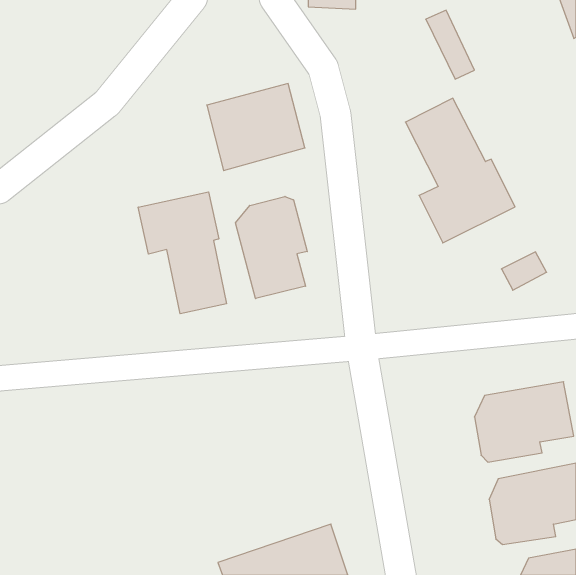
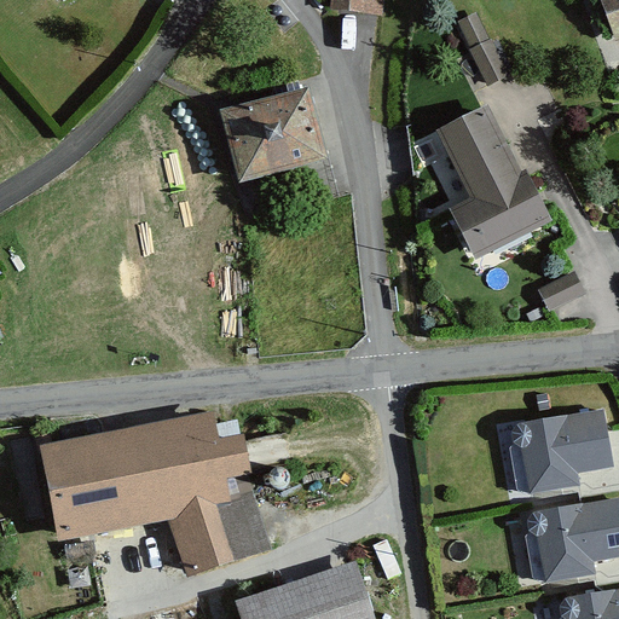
building: [138,192,226,314] -> none
building: [236,196,307,299] -> none
building: none -> [34,412,271,578]

